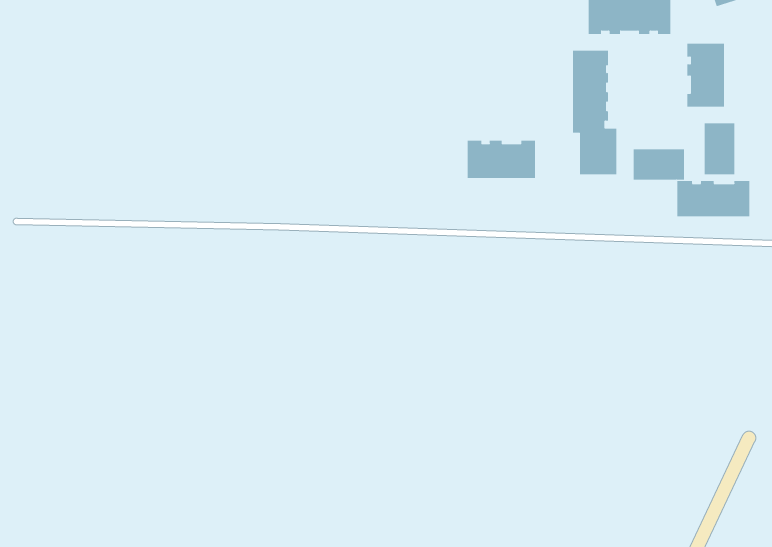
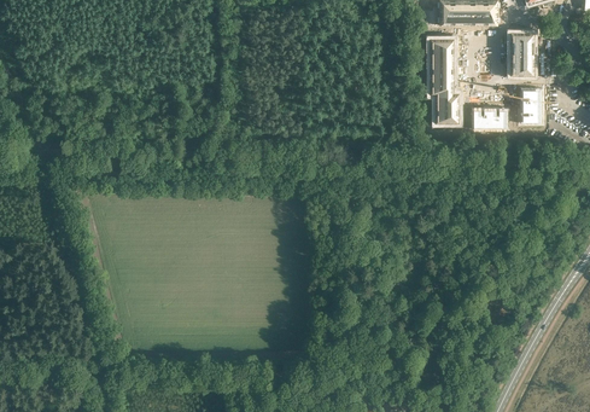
building: [467,140,535,179] -> none
building: [677,180,750,217] -> none

